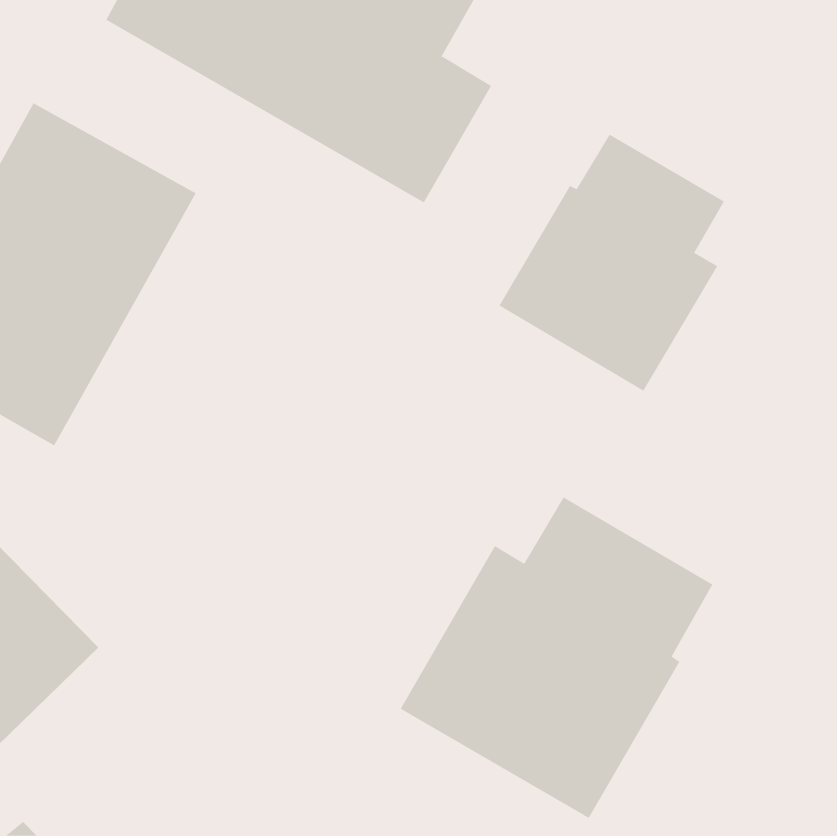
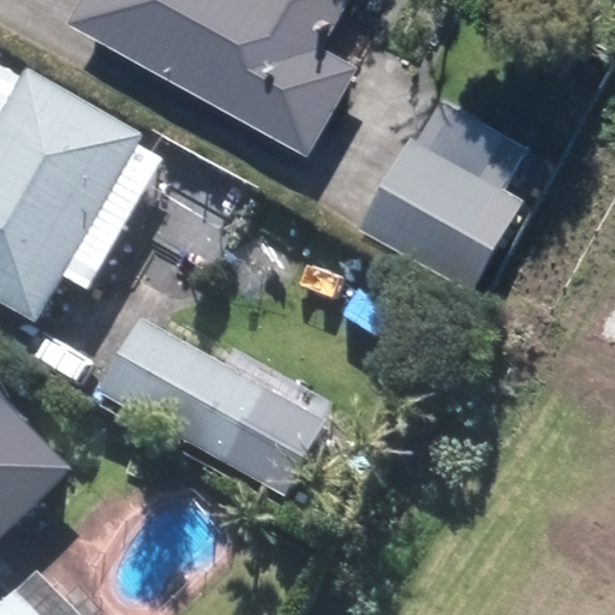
building: none -> [102,321,324,497]
building: [400,496,713,819] -> none

